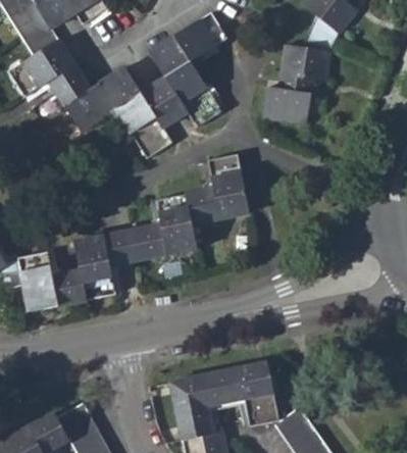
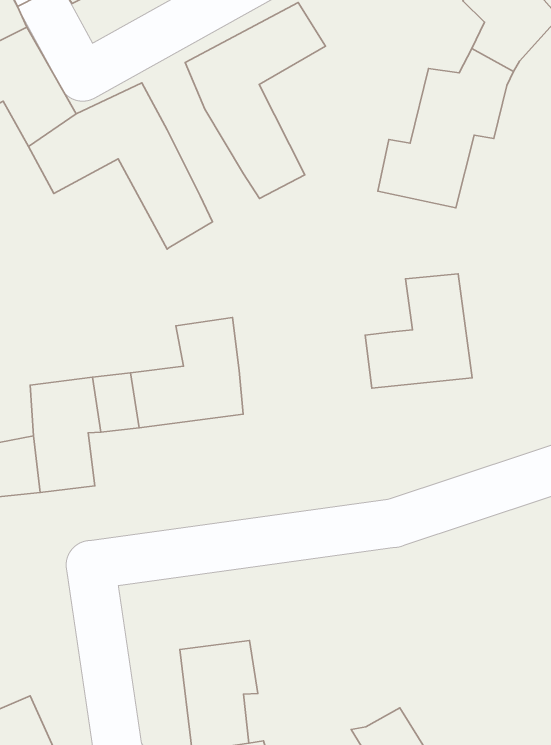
building: [141,78,186,127] -> none
building: [186,155,248,223] -> [365,274,472,388]
building: [209,364,278,425] -> none

